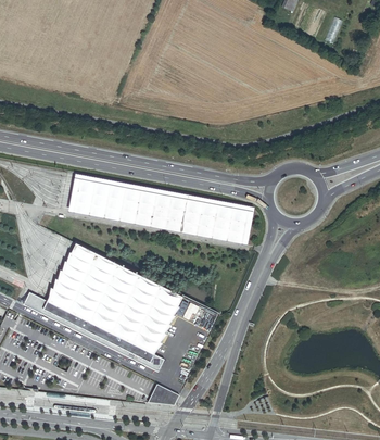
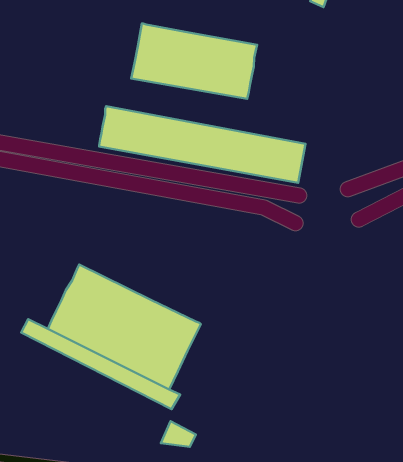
building: none -> [131,23,257,99]
building: [67,174,252,242] -> [99,106,305,183]

